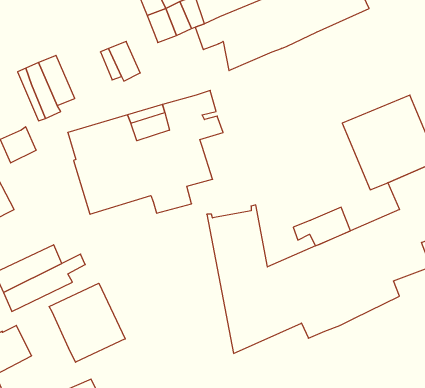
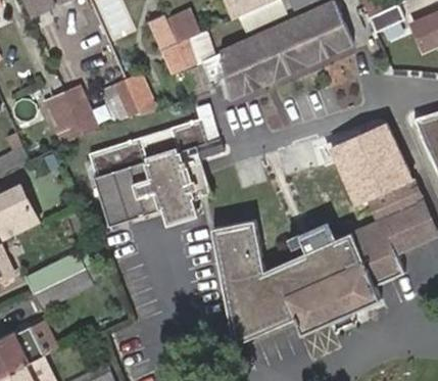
building: [49,283,125,362] -> none

